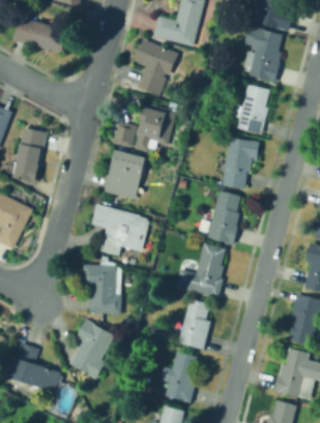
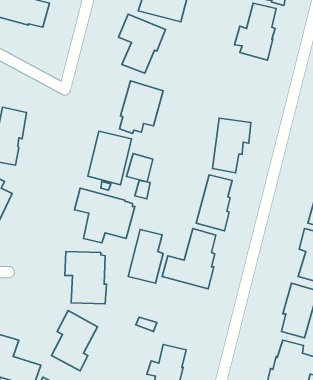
building: [234,84,270,134] -> none
building: [112,121,137,148] -> [126,154,153,182]
building: [178,299,211,350] -> [128,230,163,283]

